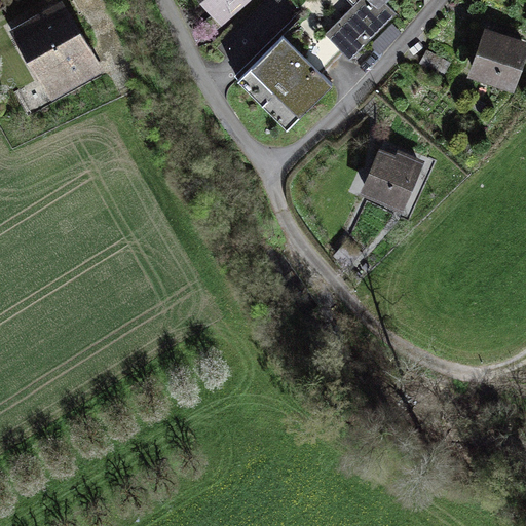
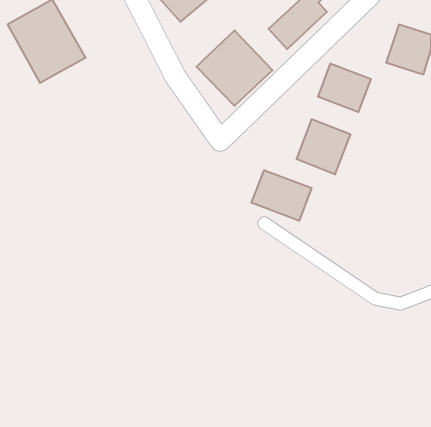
building: none -> [318,63,371,112]
building: none -> [252,170,312,221]

